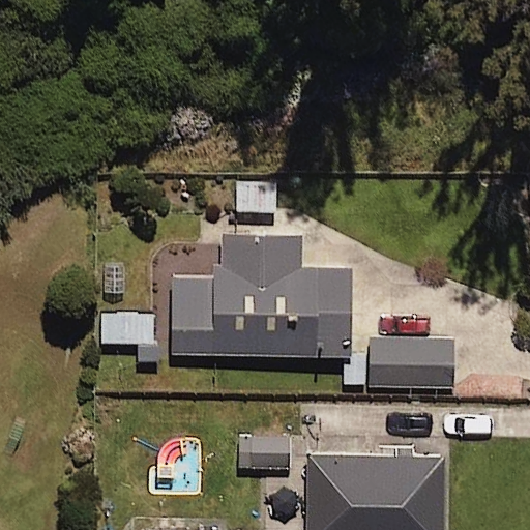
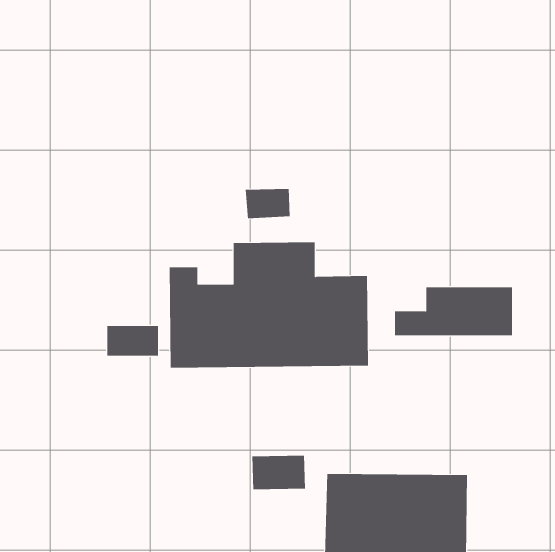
building: [341,341,453,387] -> [394,287,513,336]

